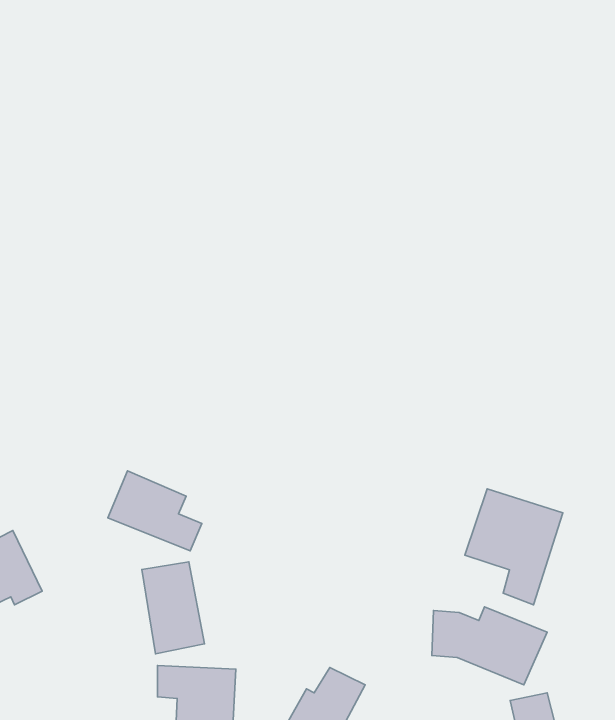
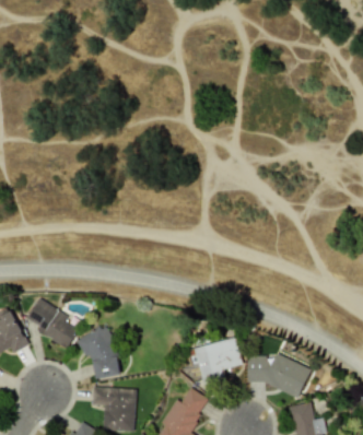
building: [108,471,202,551] -> [25,299,78,344]
building: [465,489,563,605] -> none
building: none -> [195,337,243,385]

